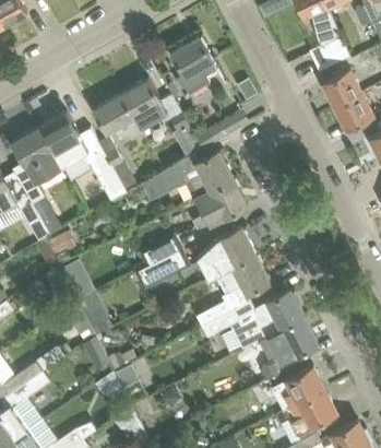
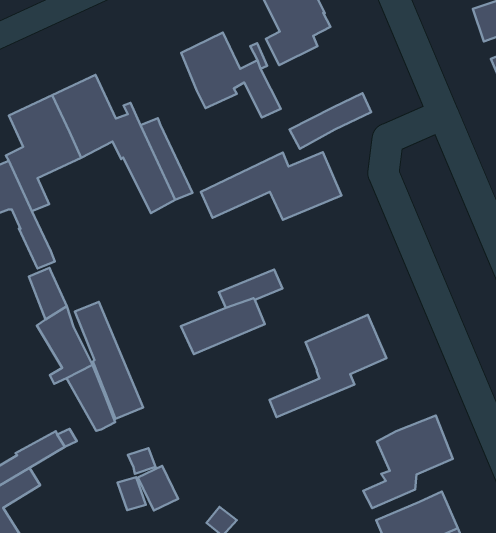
building: [94,94,140,140] -> none
building: [193,179,247,232] -> none
building: [197,227,255,280] -> none
building: [201,290,305,356] -> none

